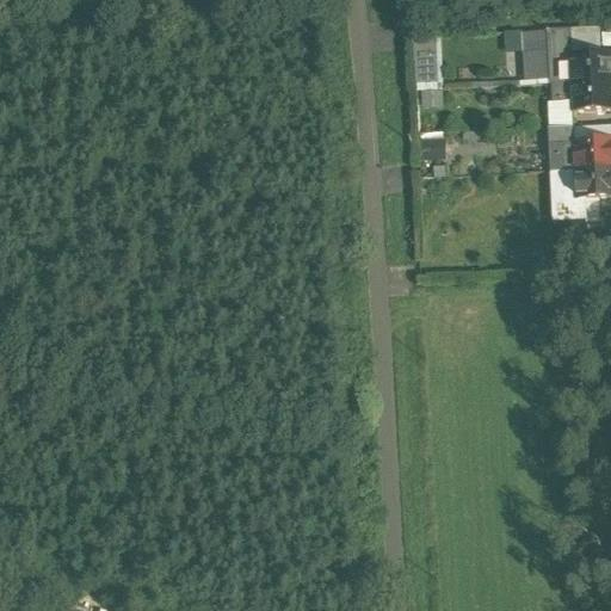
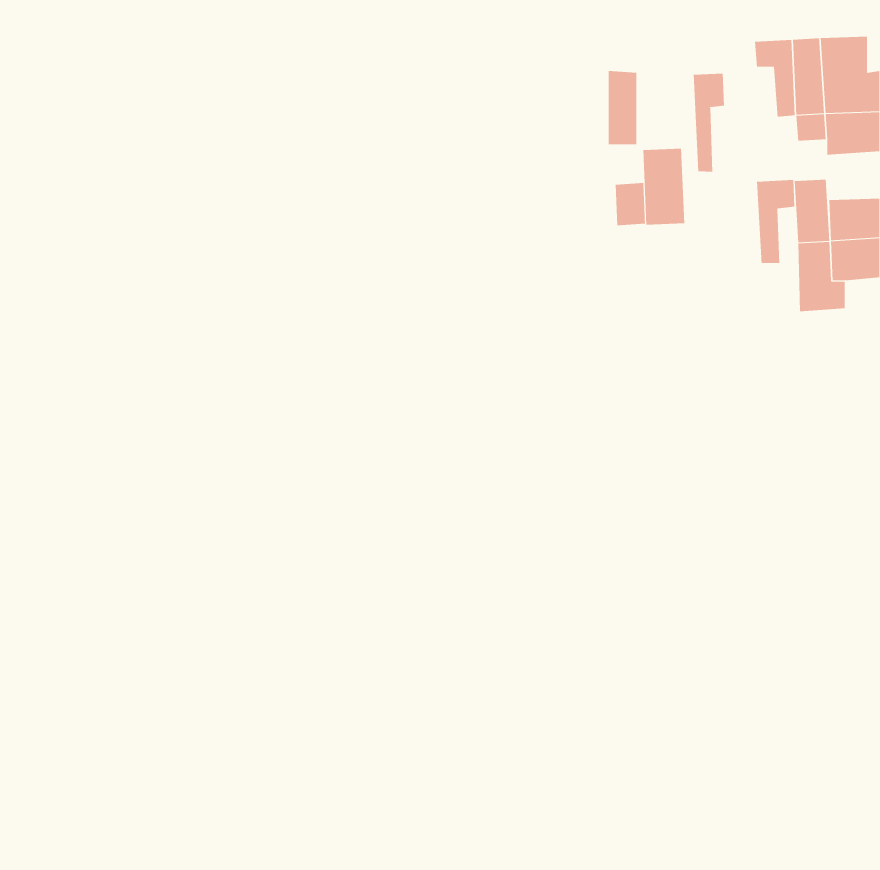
building: none -> [693,73,724,172]
building: none -> [643,148,685,226]
building: none -> [756,179,795,264]

